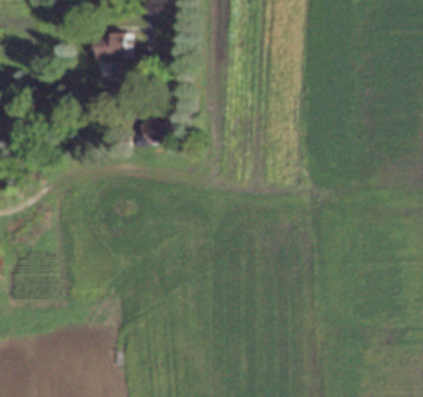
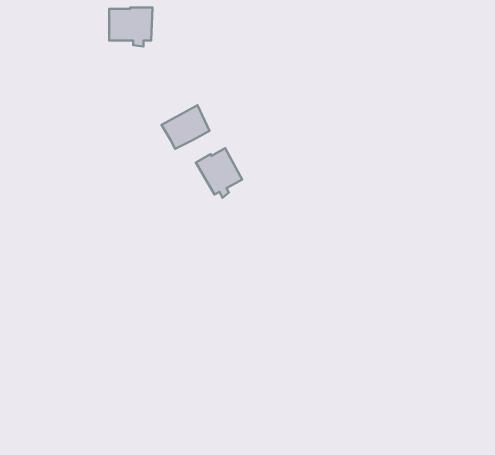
building: none -> [196,148,242,198]

